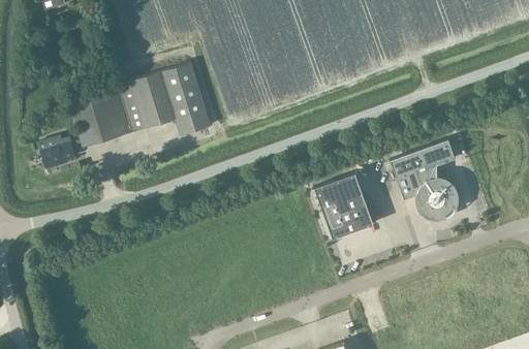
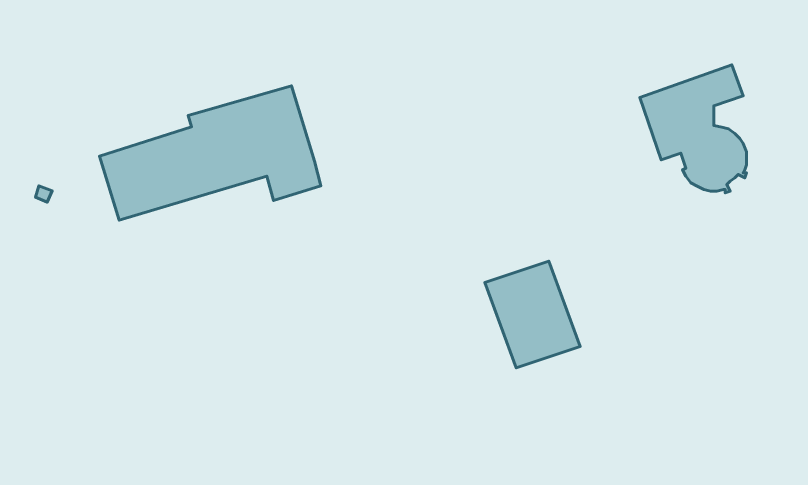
building: [38,136,75,169] -> none
building: [391,139,458,220] -> [640,65,746,193]

